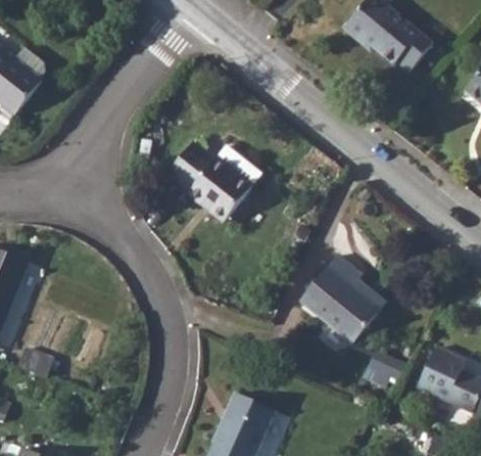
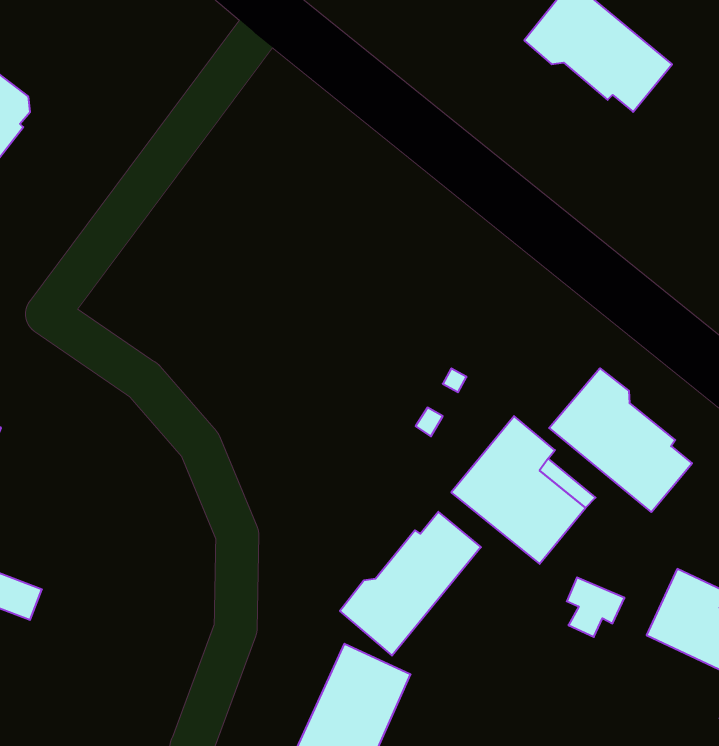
building: [167,142,261,221] -> none
building: none -> [549,368,692,512]
building: none -> [340,512,481,656]

